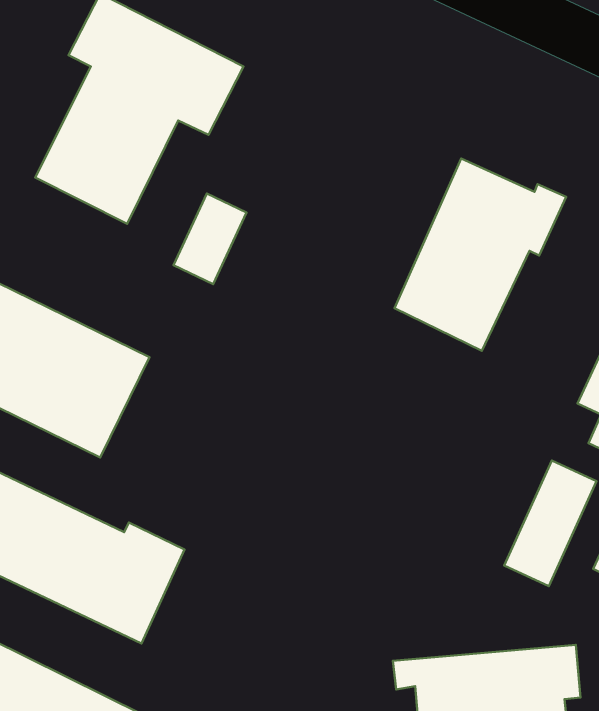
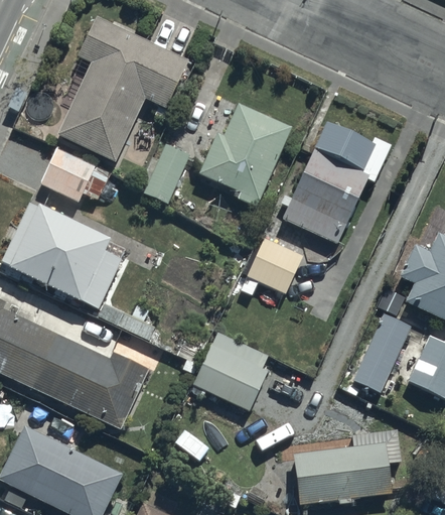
building: none -> [199,104,294,216]
building: none -> [40,146,110,203]
building: none -> [240,237,302,295]
building: none -> [191,330,269,412]

